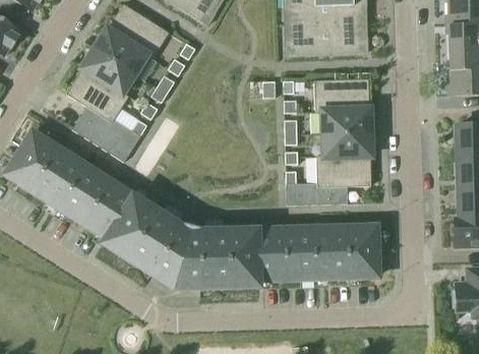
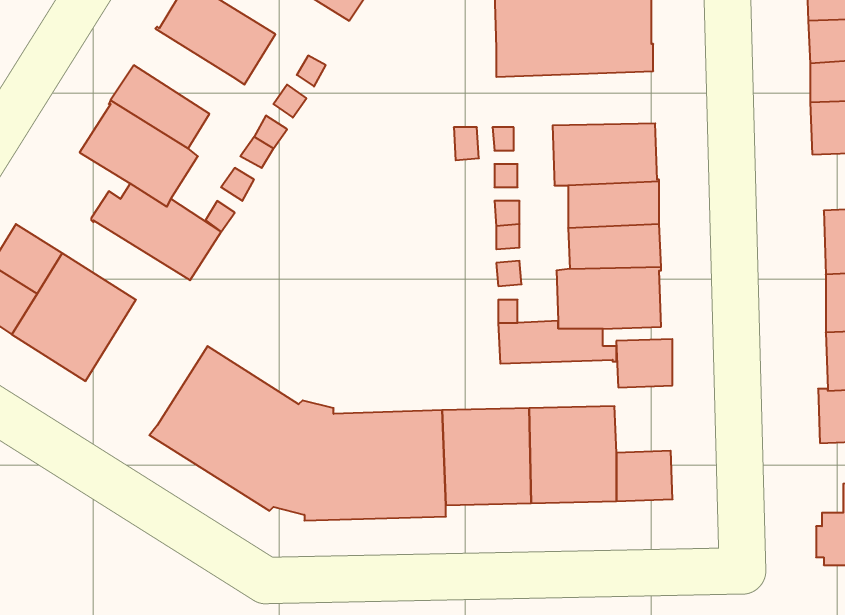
building: [95,28,146,73] -> none
building: [69,171,133,237] -> none
building: [347,226,376,251] -> [616,339,672,387]

